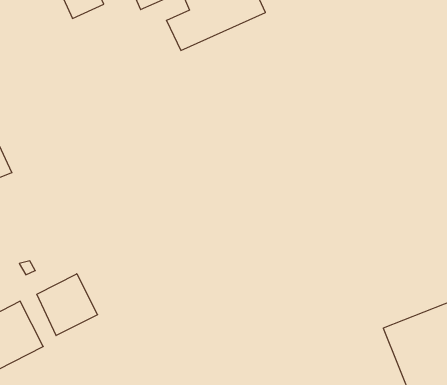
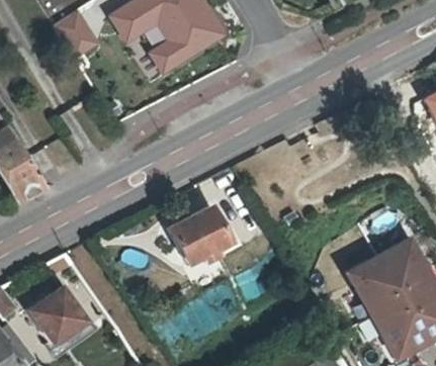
building: none -> [170,204,238,261]
building: [37,274,98,336] -> none

